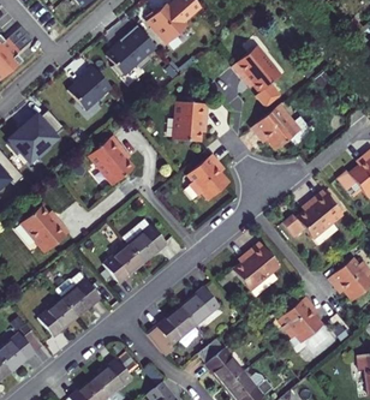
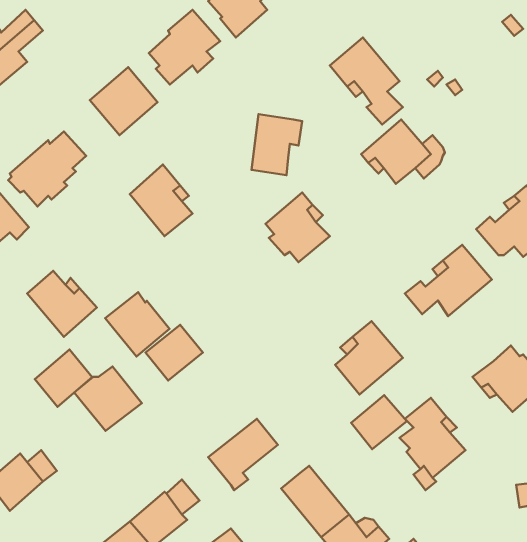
building: [121,217,166,262] -> [105,292,170,357]
building: [180,288,219,326] -> [351,395,407,449]
building: [36,297,76,336] -> [35,349,92,407]

